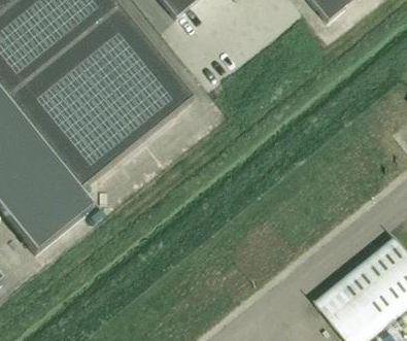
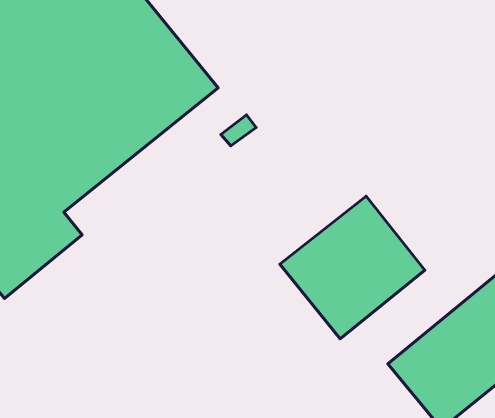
building: none -> [280,196,425,339]

